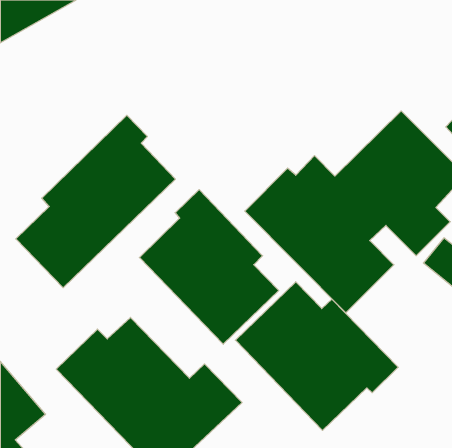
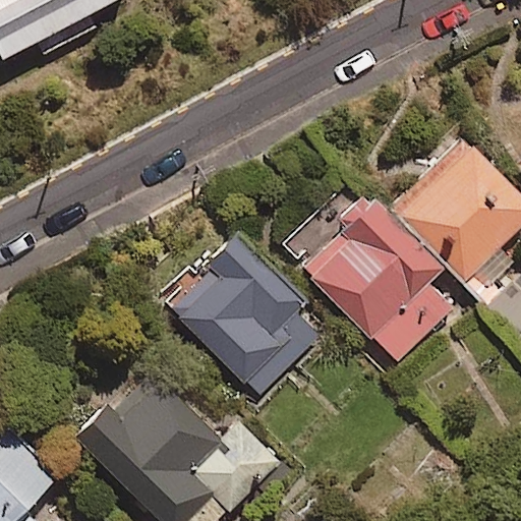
building: [16,115,175,288] -> none
building: [235,282,398,430] -> none

